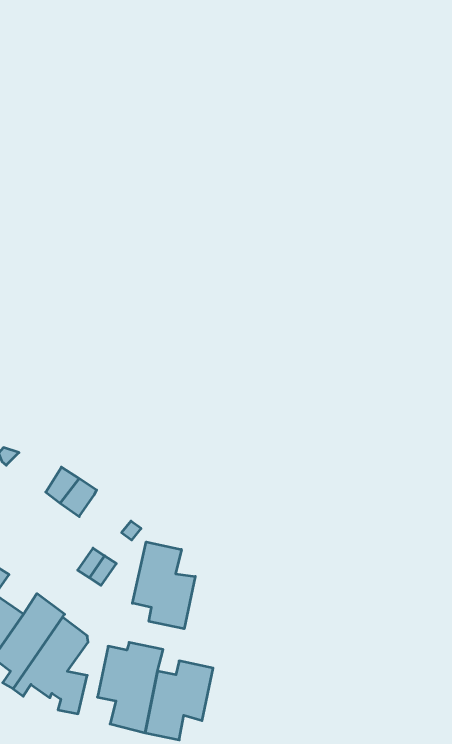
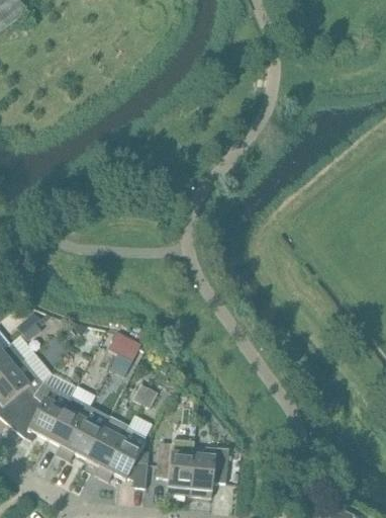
building: [132,542,195,629] -> none

